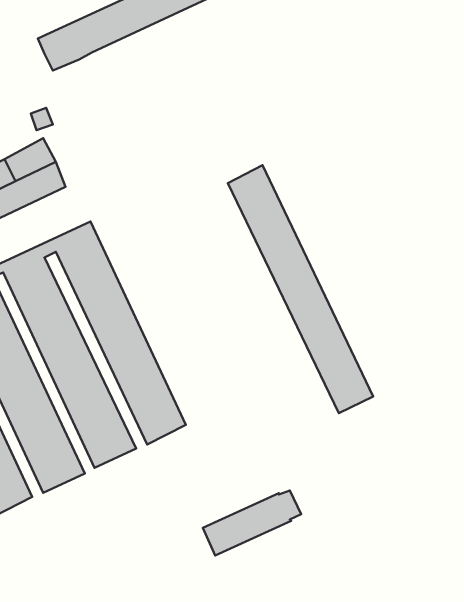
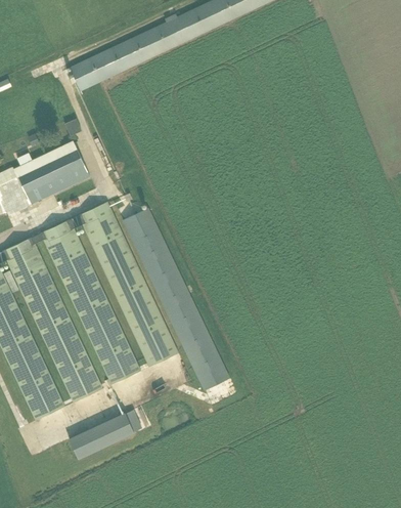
building: [228,165,373,413] -> [122,207,229,390]
building: [203,490,301,556] -> [68,411,140,459]

